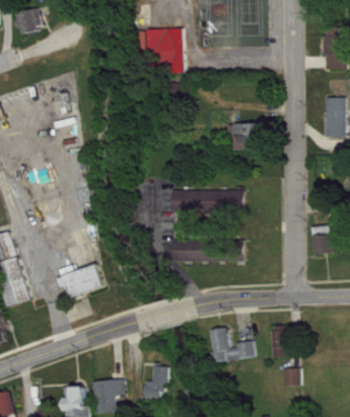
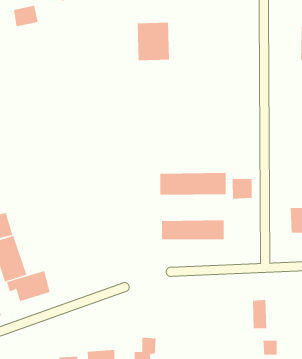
building: [228,123,263,149] -> none
building: none -> [232,178,252,199]
building: [57,264,104,297] -> [6,270,51,302]
building: [210,327,255,362] -> none

